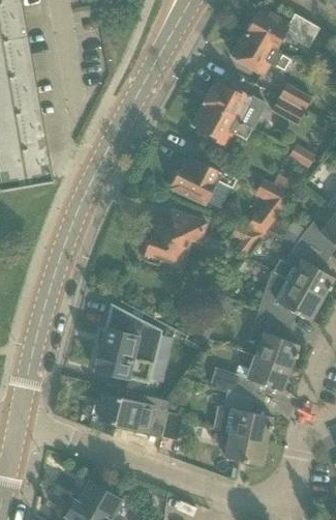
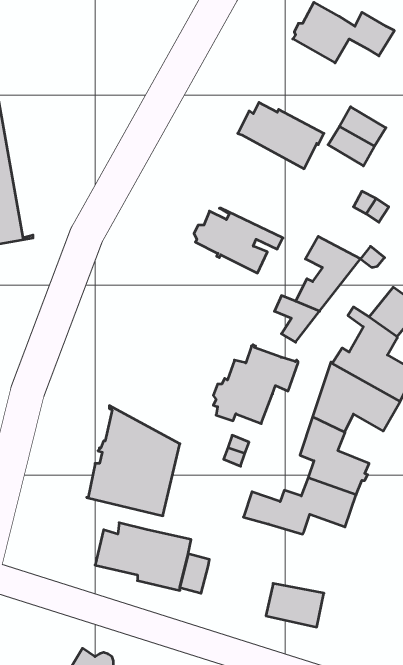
building: [232,34,289,75] -> none
building: [194,105,252,146] -> none
building: [144,210,206,268] -> [213,345,298,424]
building: [213,391,272,441] -> none

